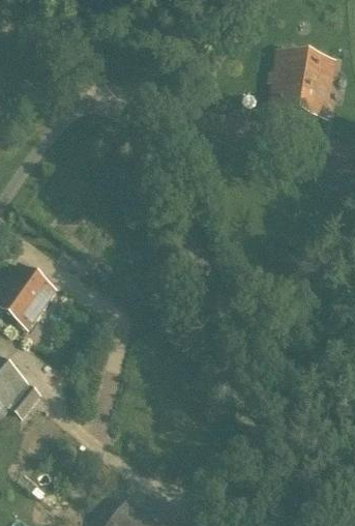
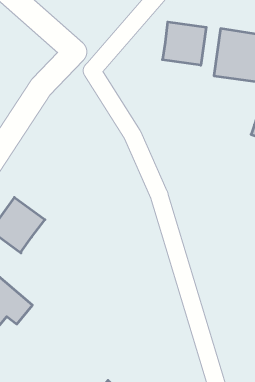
building: none -> [162,22,206,65]

